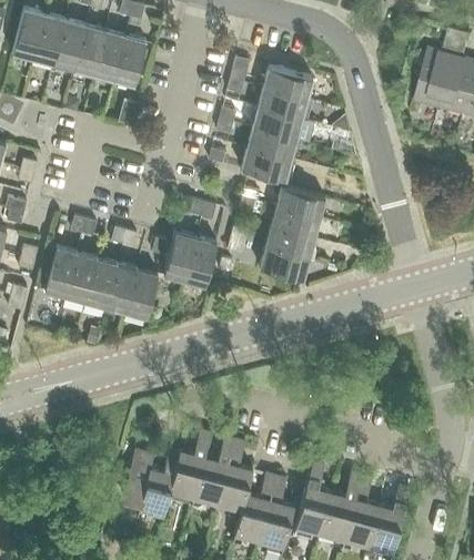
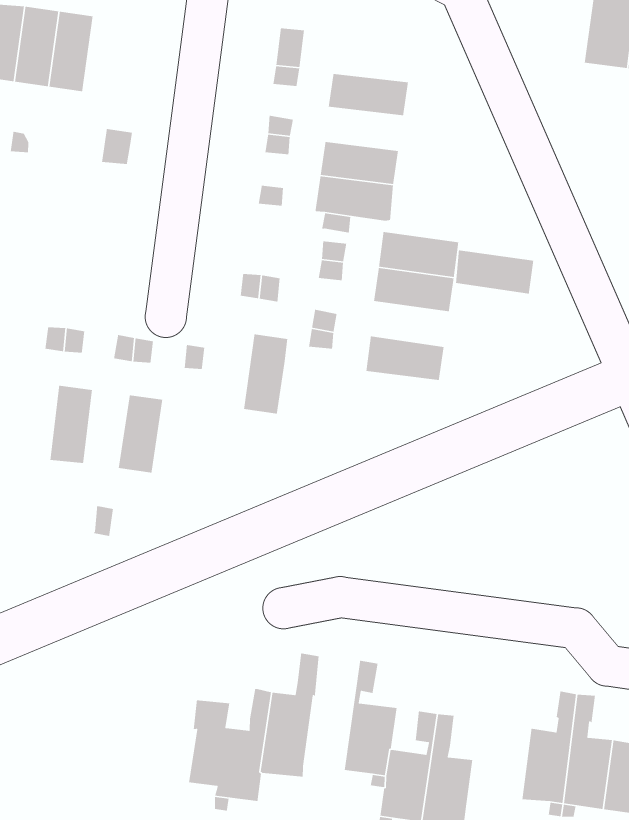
building: [113,37,145,86] -> none
building: [263,68,312,100] -> none
building: [253,109,302,140] -> none
building: [265,227,314,259] -> [455,249,534,295]
building: [163,232,196,282] -> none
building: [44,247,77,297] -> none
building: [85,258,118,307] -> none
building: [125,269,158,318] -> none
building: [192,437,234,507] -> none
building: [293,462,331,538] -> none

